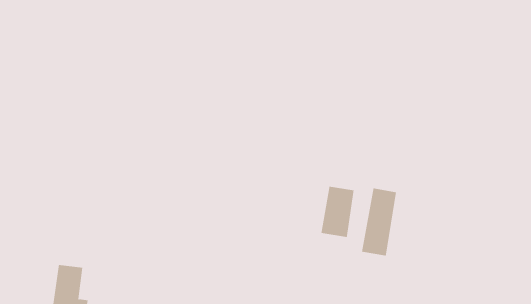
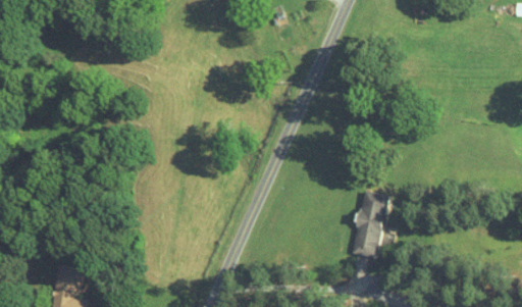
building: [321,186,354,238] -> none

